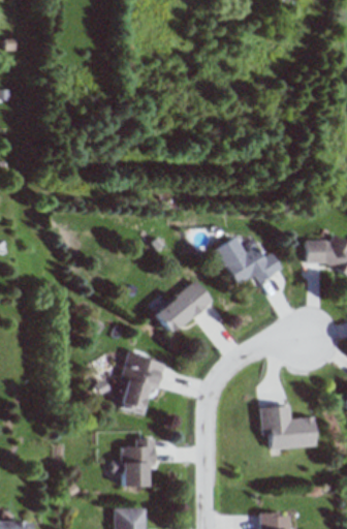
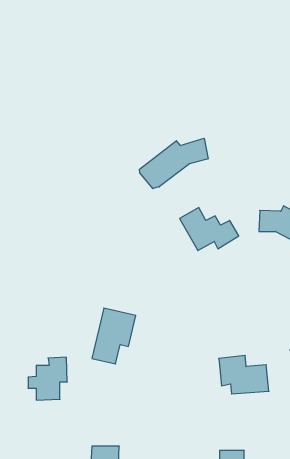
building: none -> [139,138,208,189]
building: [153,280,213,335] -> none
building: [113,438,157,487] -> [28,357,67,400]

